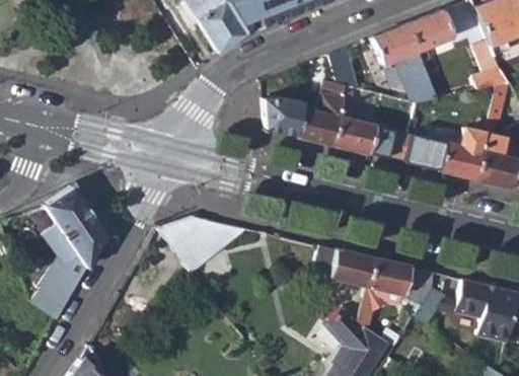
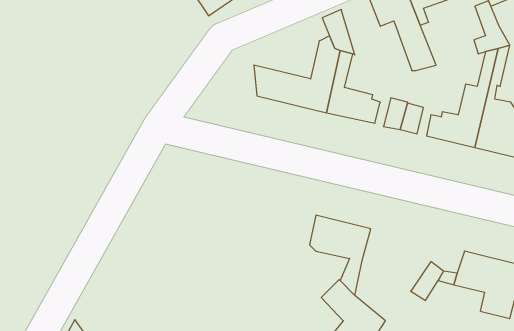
building: [39,186,107,318] -> none
building: [159,213,252,272] -> none
building: [367,256,436,299] -> none

